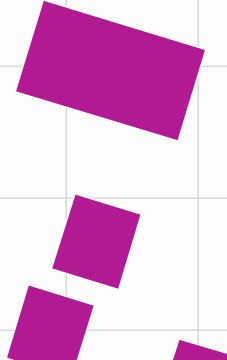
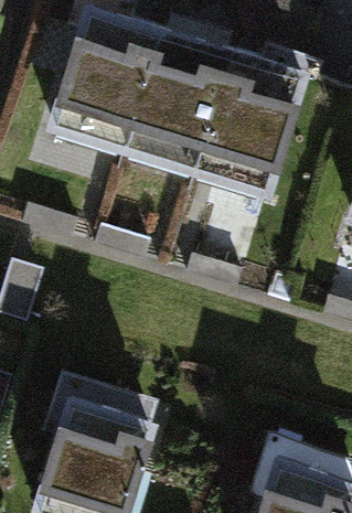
building: [52,194,141,289] -> none

